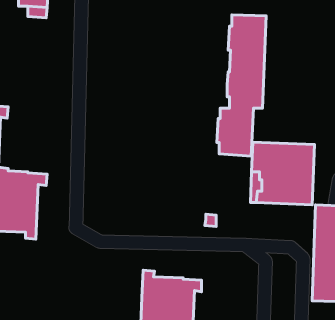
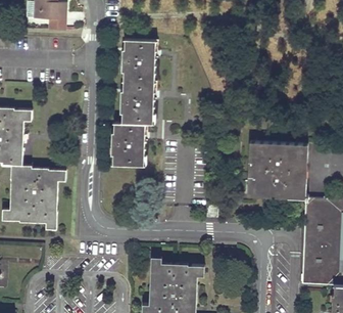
building: [217,15,266,156] -> [111,41,155,168]

